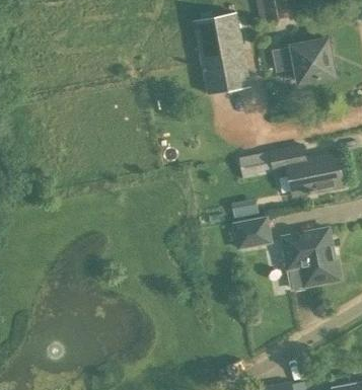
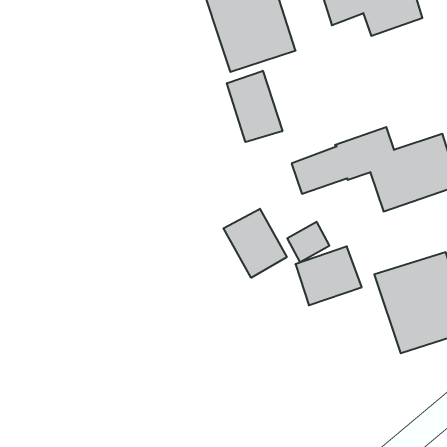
building: none -> [227,71,282,142]
building: none -> [223,209,287,278]

